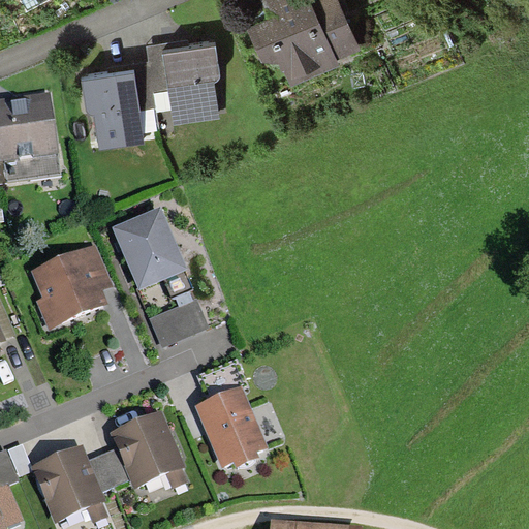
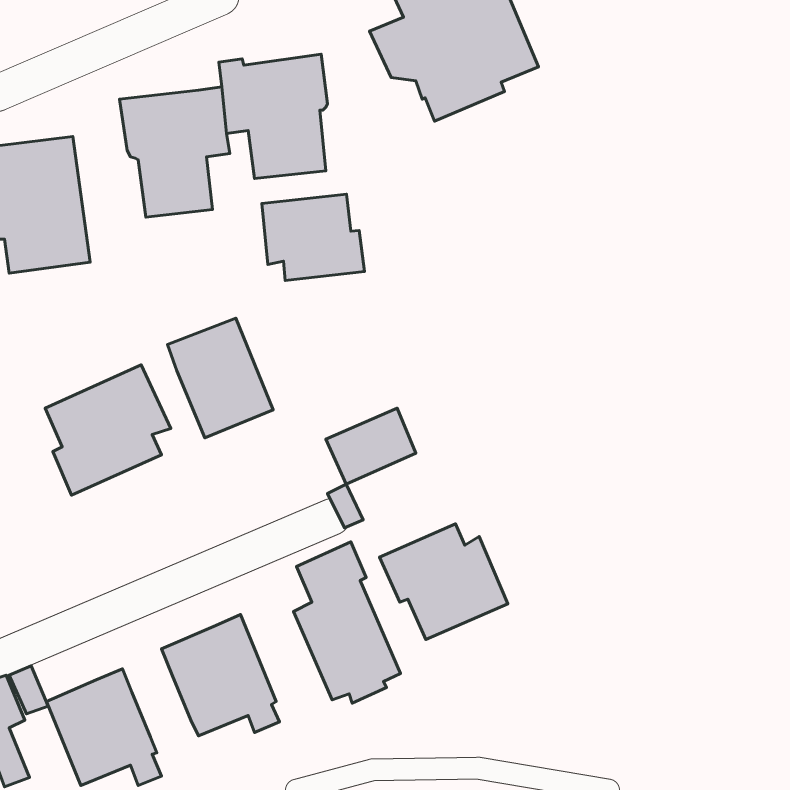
building: none -> [262,194,364,280]
building: [148,298,208,348] -> [326,408,416,484]
building: none -> [379,524,508,639]
building: [88,449,127,491] -> none

